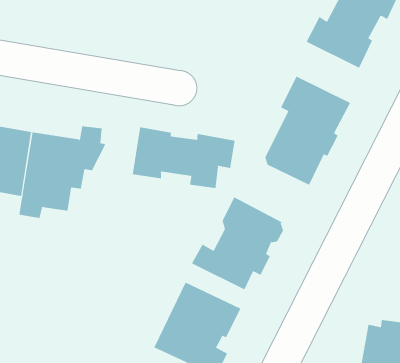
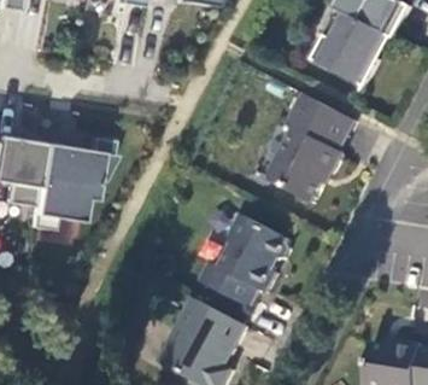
building: [132,127,235,189] -> none

